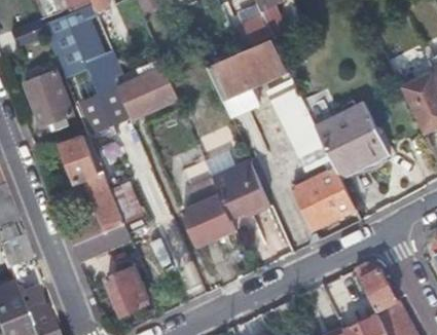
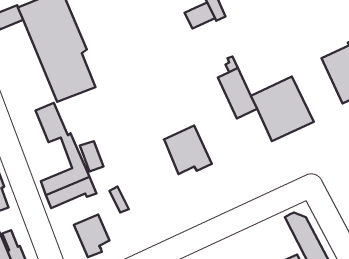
building: [209,38,290,117] -> none
building: [116,57,180,116] -> none
building: [28,74,74,128] -> none
building: [292,169,355,231] -> none
building: [183,179,235,247] -> none

